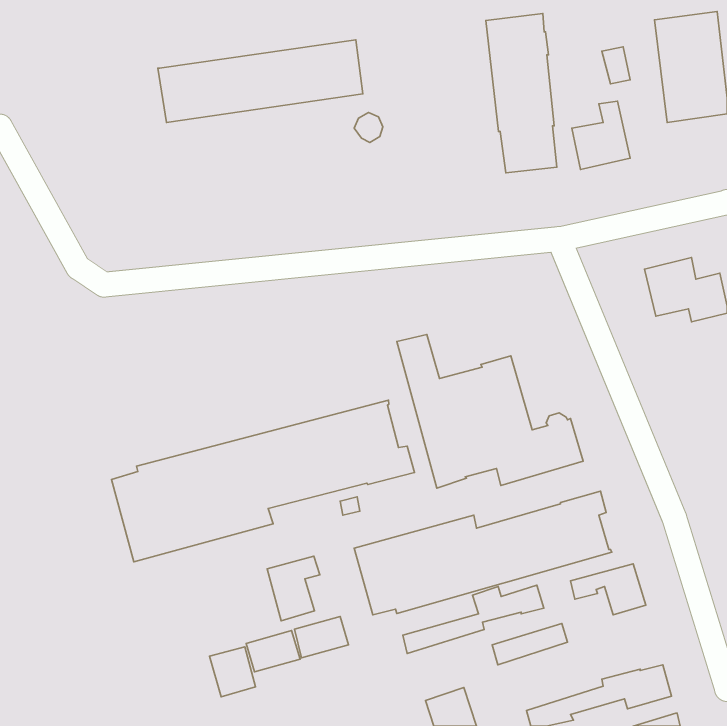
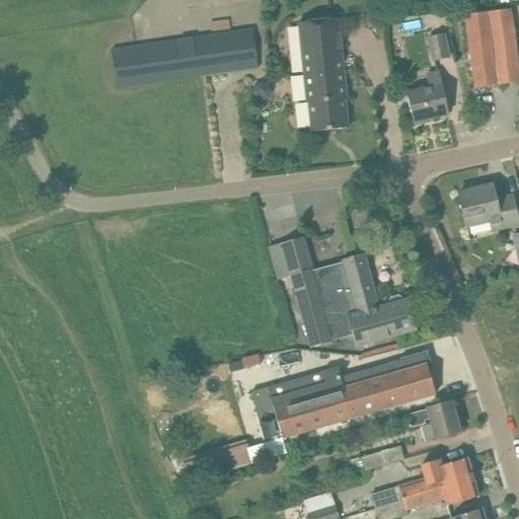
building: [486,13,557,173] -> [298,17,349,131]
building: [112,400,415,562] -> none
building: [267,556,320,621] -> none
building: [403,585,544,654] -> [372,457,472,506]
building: [210,647,255,697] -> none

